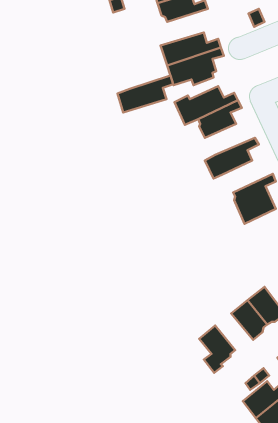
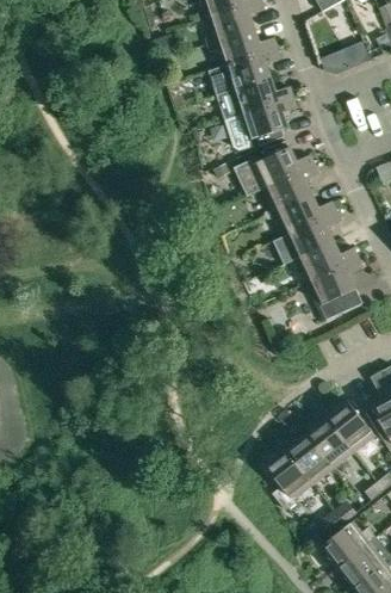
building: [117,76,173,112] -> [210,49,280,95]
building: none -> [273,194,336,234]
building: none -> [294,241,359,282]
building: none -> [286,434,334,481]

